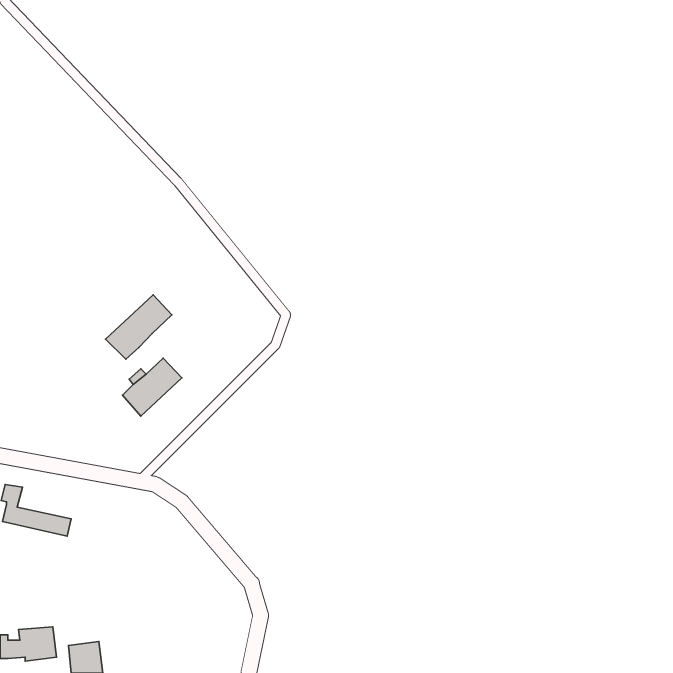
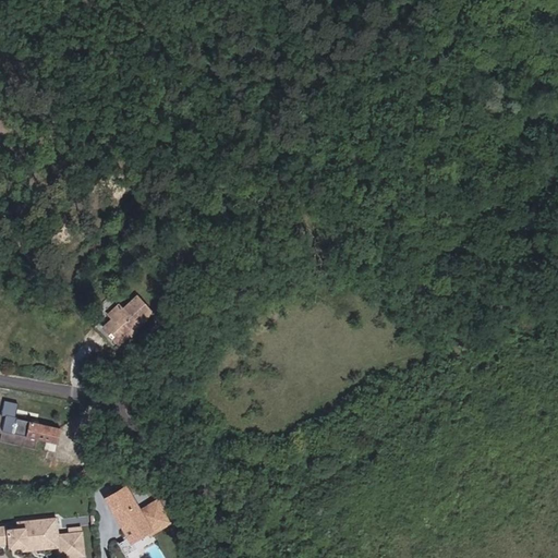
building: [106,295,172,359] -> none
building: none -> [105,489,168,539]

